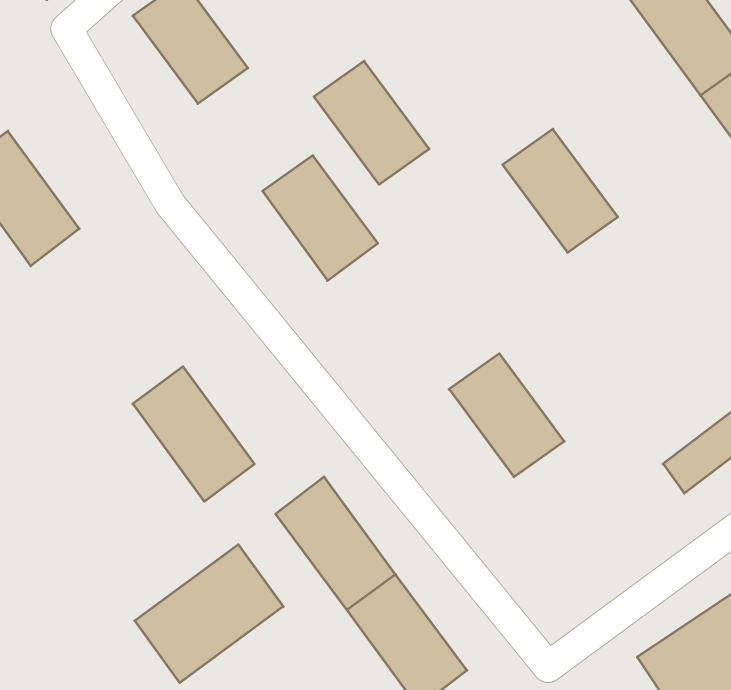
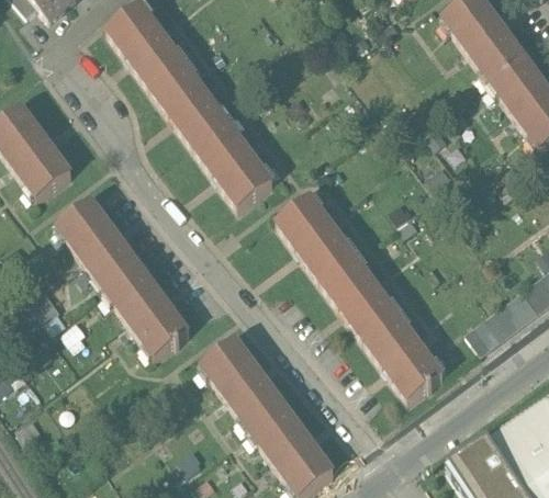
building: [314,61,429,184] -> [153,65,231,148]
building: [503,129,618,252] -> [279,199,357,282]
building: none -> [60,202,143,292]
building: none -> [367,317,445,400]
building: [135,545,283,683] -> none

